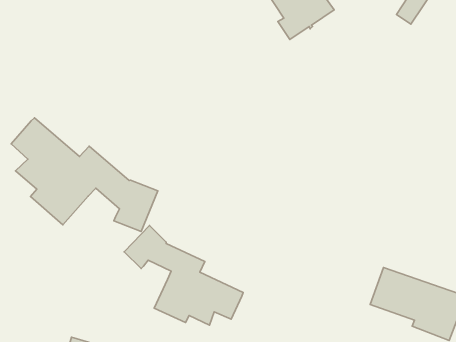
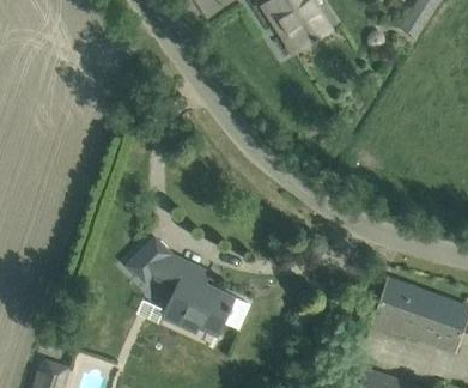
building: [11,118,158,232] -> none

